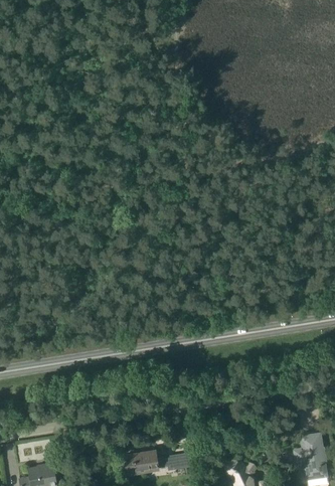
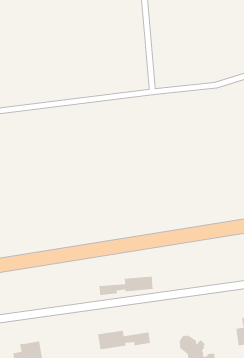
building: none -> [99,276,153,296]

